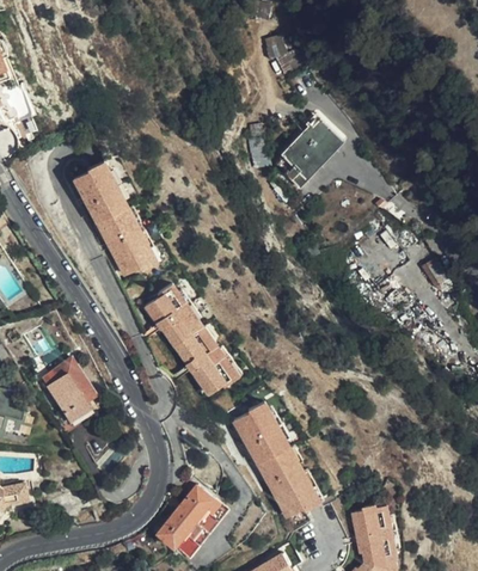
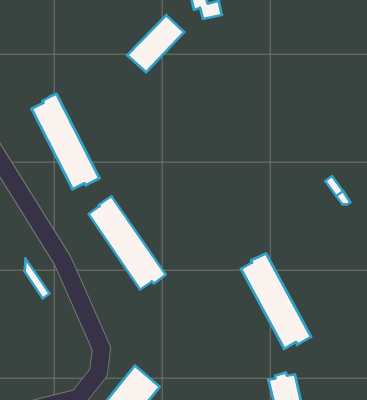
building: [274,119,342,188] -> [127,15,184,72]
building: [47,373,91,422] -> none
building: [234,403,318,516] -> [241,254,311,349]

